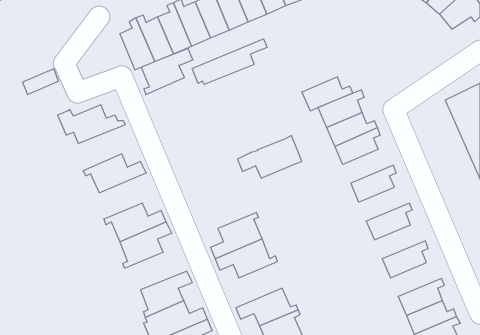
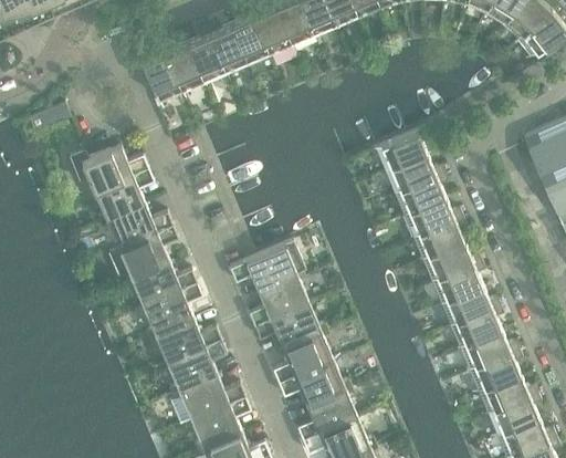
building: [192,39,267,85] -> none
building: [141,48,193,95] -> [93,166,154,220]
building: [302,77,353,111] -> [402,195,462,235]
building: [238,136,302,178] -> [229,238,304,288]
building: none -> [108,222,178,278]
building: none -> [421,239,481,279]
building: none -> [440,283,500,323]
building: none -> [147,315,220,360]
building: none -> [271,326,332,381]
building: none -> [459,327,518,367]

